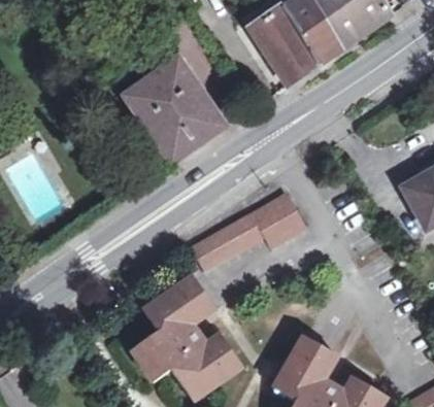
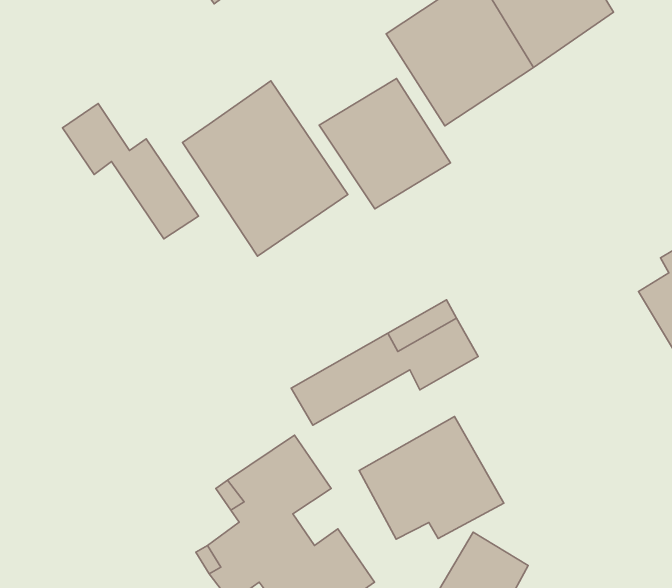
building: none -> [319,78,450,209]
building: none -> [63,104,199,239]
building: none -> [359,416,504,539]

